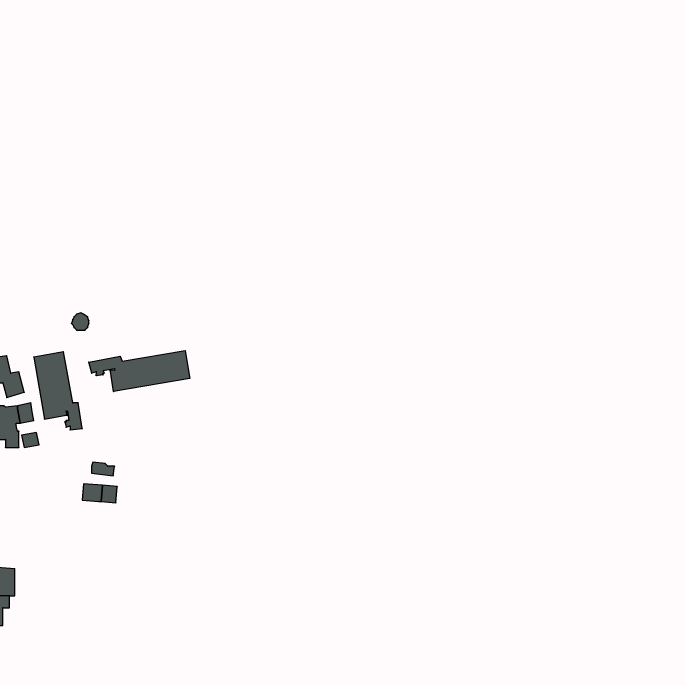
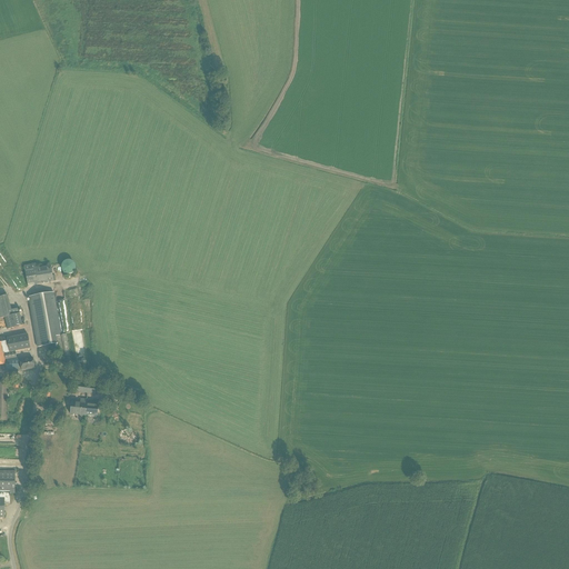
building: none -> [22,261,53,284]
building: [89,351,190,392] -> none

